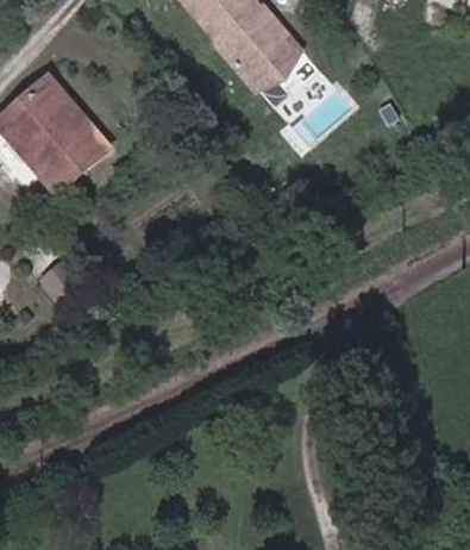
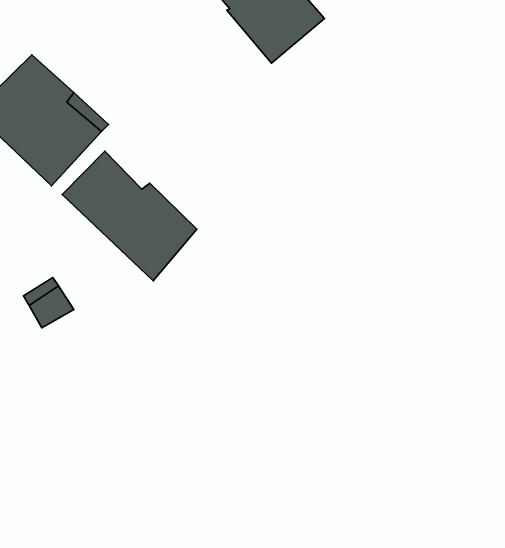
building: none -> [62,151,197,281]

